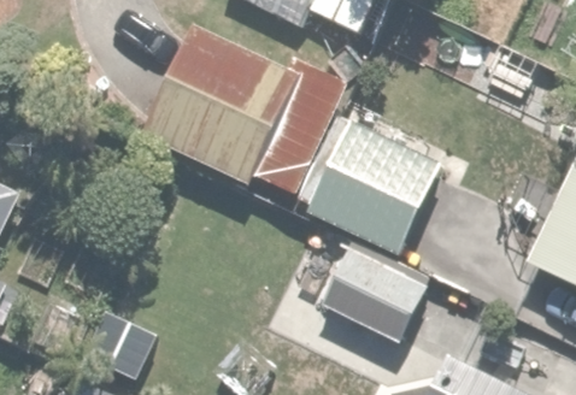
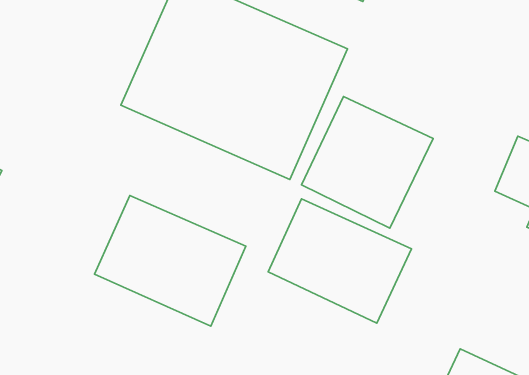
building: none -> [94,195,246,326]

